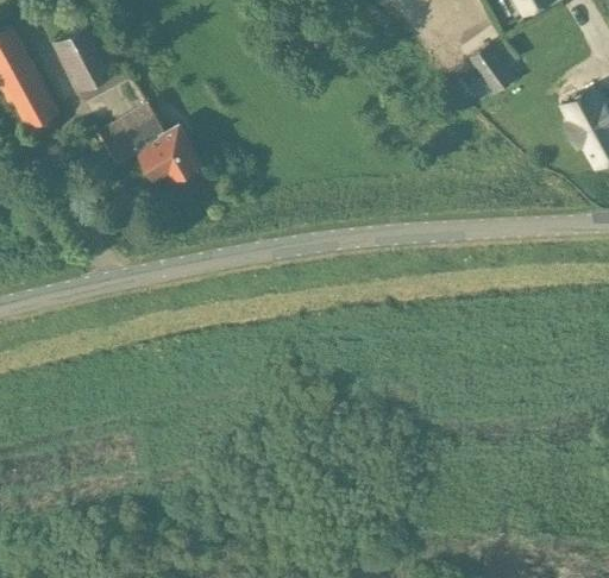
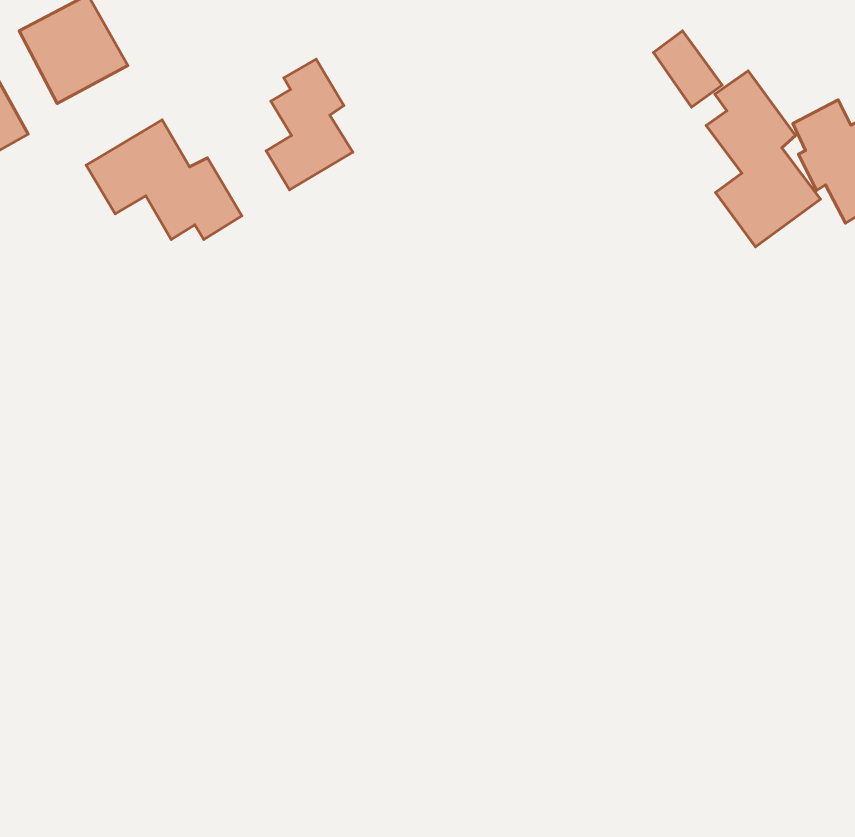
building: none -> [266,59,353,190]
building: none -> [706,71,821,247]

